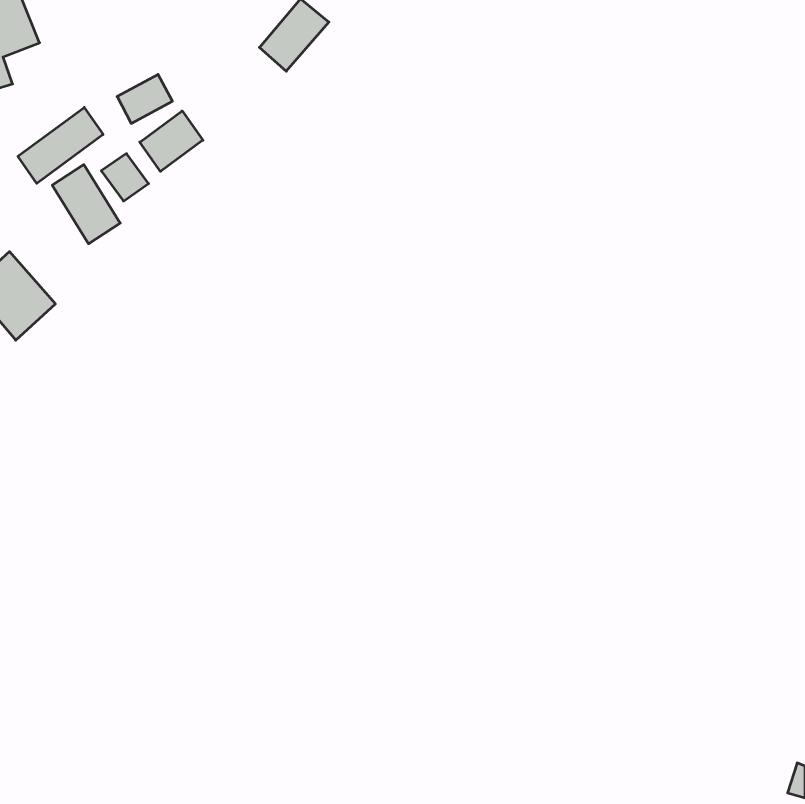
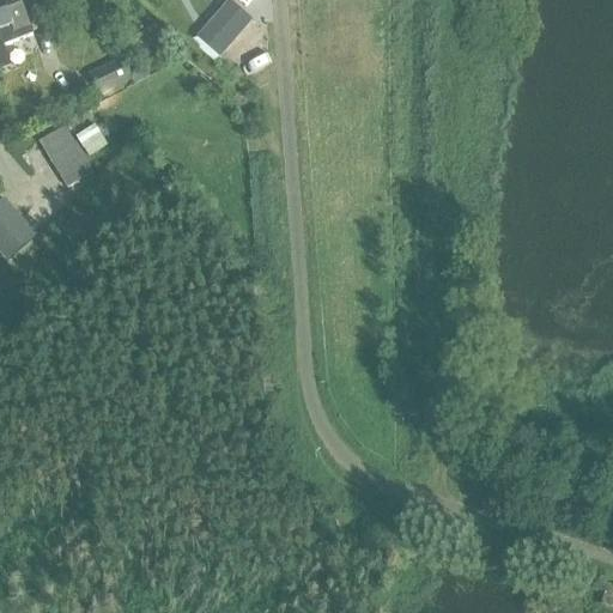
building: [18,107,103,183] -> none
building: [140,111,203,171] -> none

